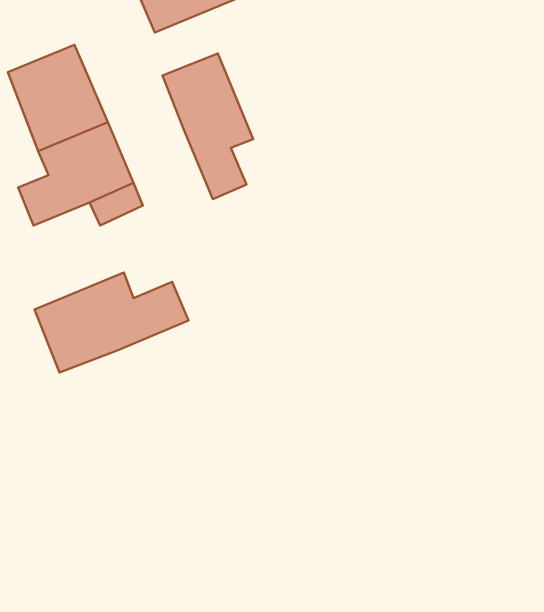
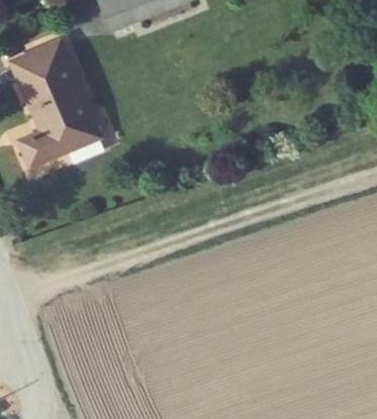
building: [163,54,253,199] -> none
building: [34,273,189,373] -> none

